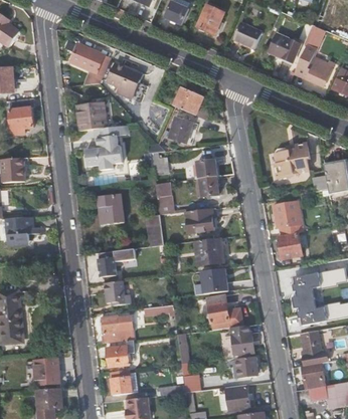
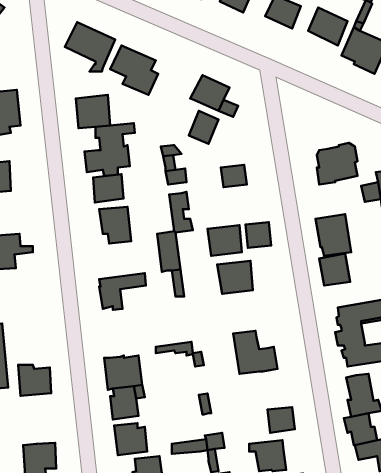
building: none -> [93,174,123,203]
building: [199,176,220,197] -> [246,222,271,248]
building: [201,269,228,294] -> none
building: [104,281,131,304] -> none
building: [231,326,254,356] -> none
building: [33,360,60,385] -> [18,365,51,396]

